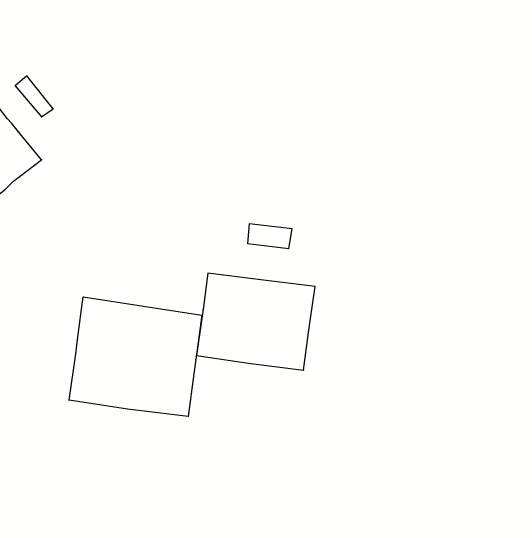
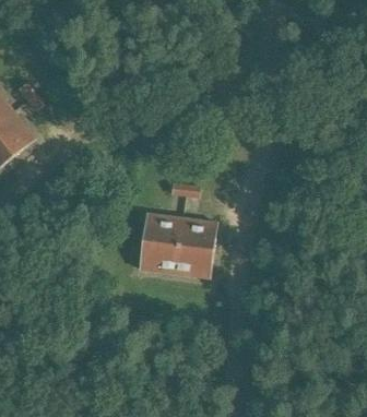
building: [69,297,202,416] -> none

